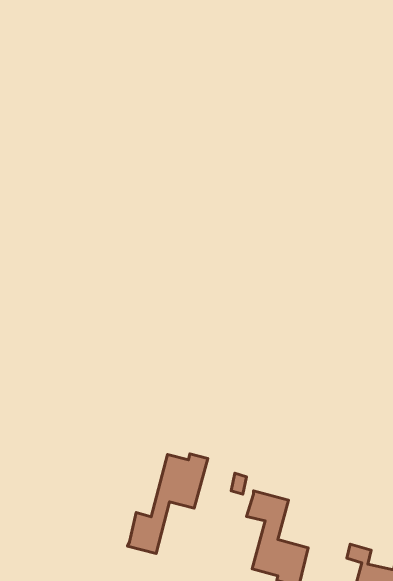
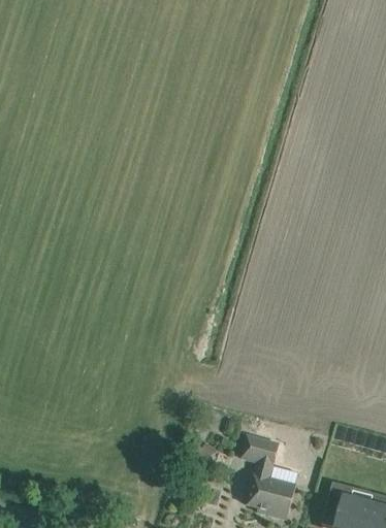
building: [128,454,208,553] -> none

